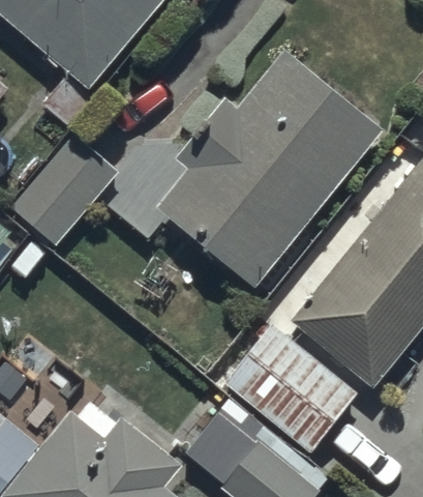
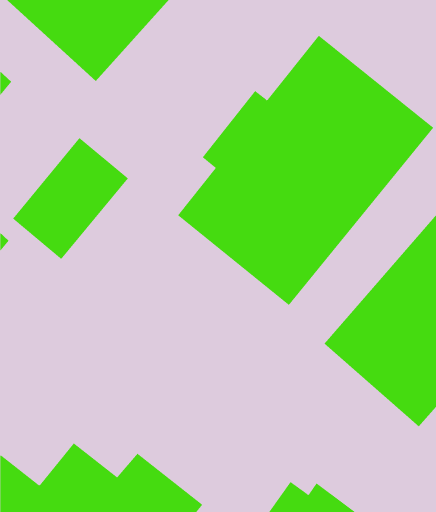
building: [221,321,361,457] -> none

